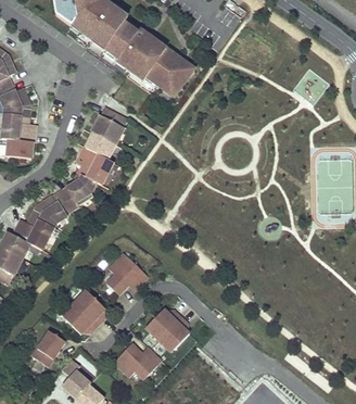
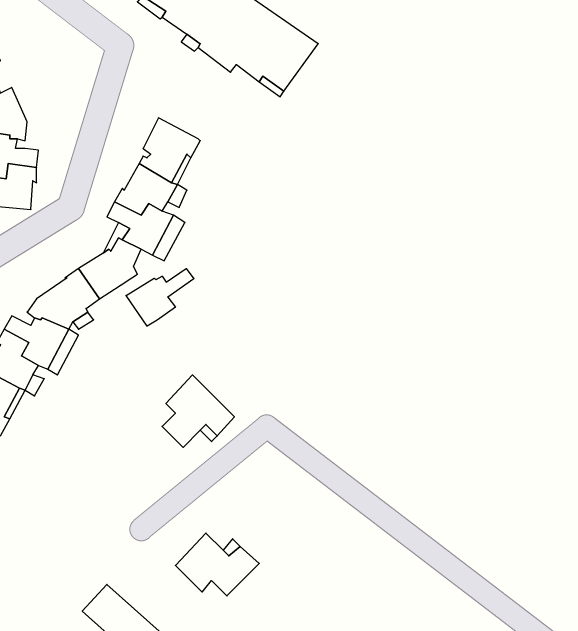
building: none -> [126,269,194,326]
building: [64,294,104,334] -> none
building: [148,310,188,349] -> none
building: [30,331,64,367] -> none

